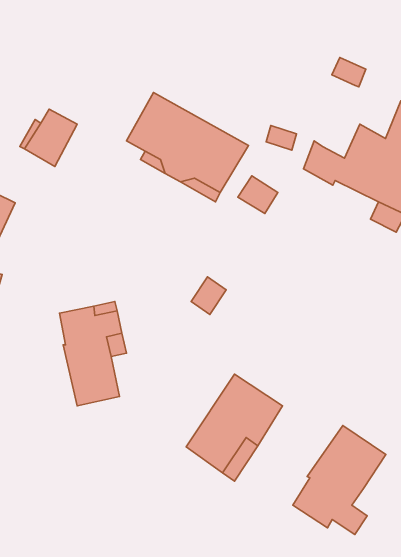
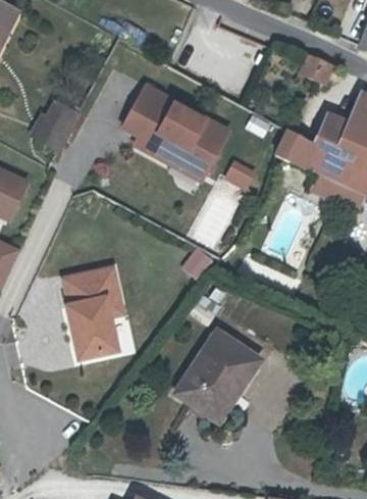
building: [293,425,386,535] -> none

